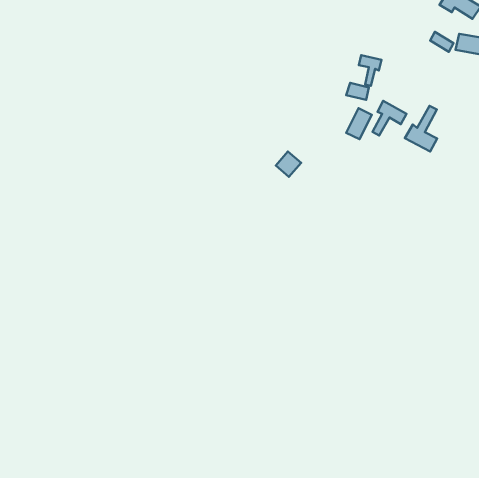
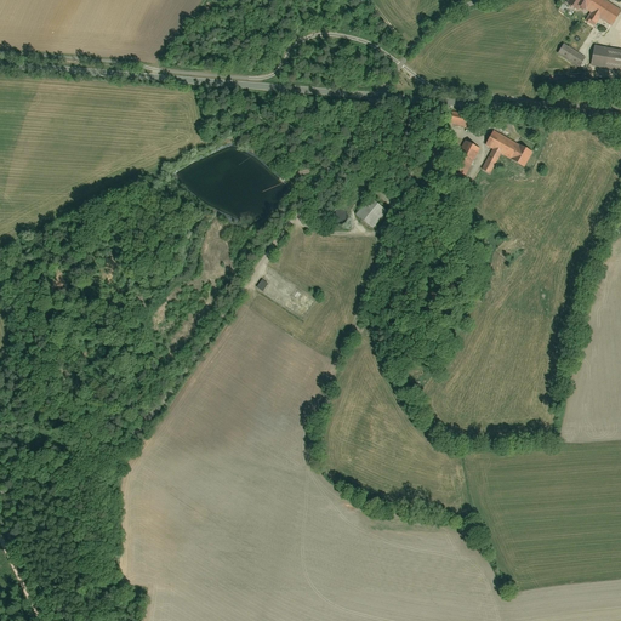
building: [359,55,382,86] -> none
building: [405,106,437,151] -> none

